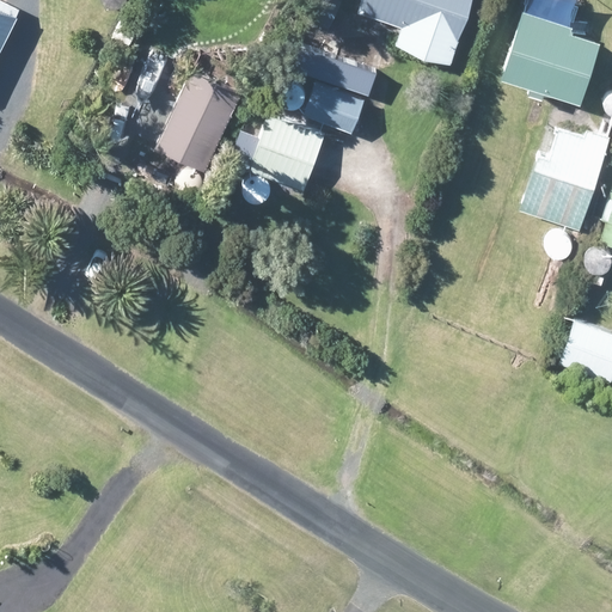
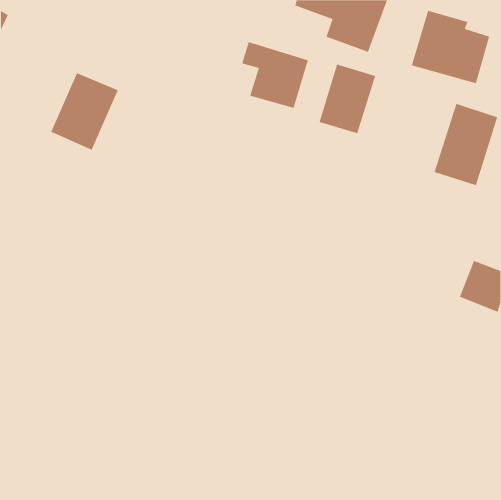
building: [155,73,239,169] -> [50,72,119,151]
building: none -> [319,63,376,134]
building: [247,117,324,190] -> none

